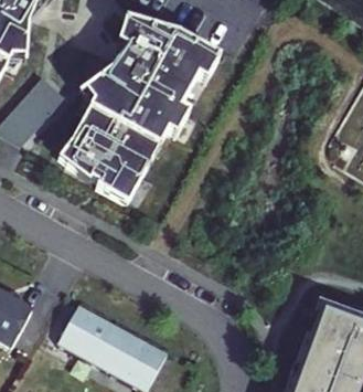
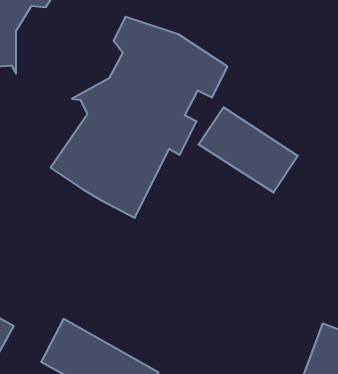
building: none -> [198,107,298,193]

